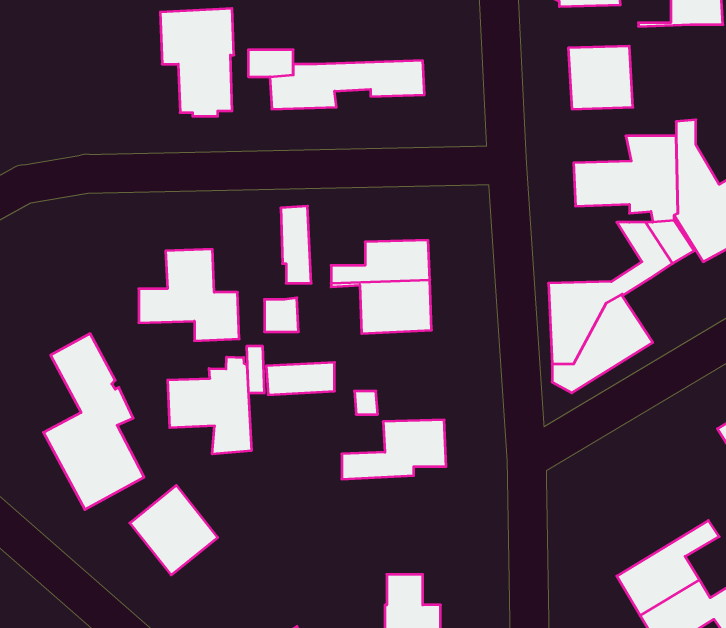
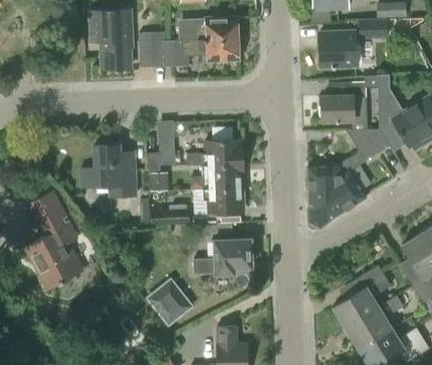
building: none -> [178,18,237,41]
building: none -> [358,19,387,38]
building: none -> [203,190,242,212]
building: [168,357,251,454] -> none
building: none -> [333,265,397,327]
building: [130,485,218,575] -> [144,277,193,327]

